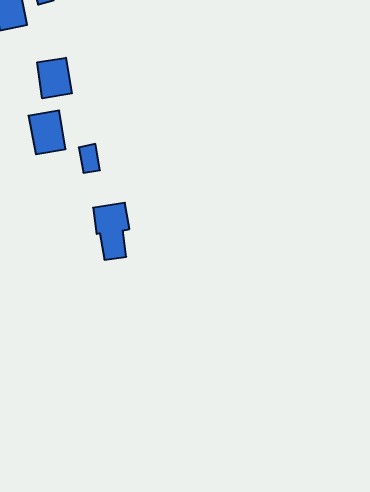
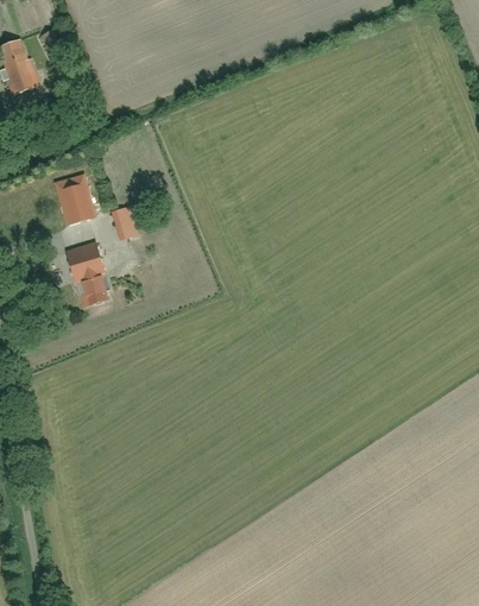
building: [37,58,72,98] -> none
building: [93,203,129,260] -> [65,242,108,308]

